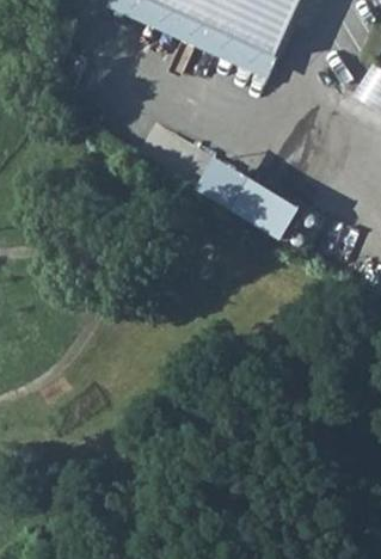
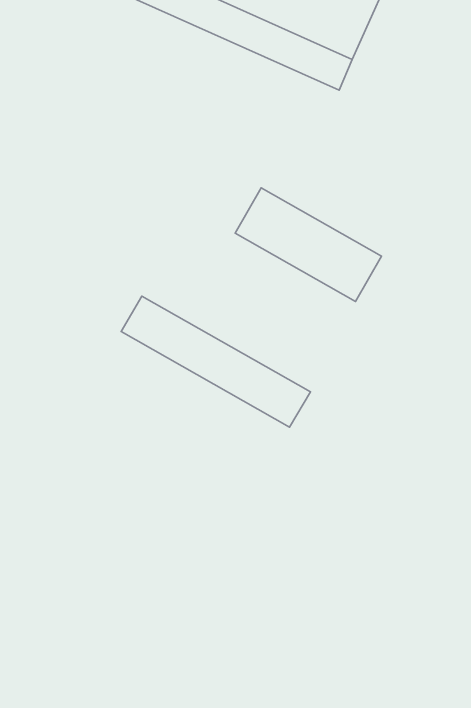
building: none -> [121,296,310,427]

